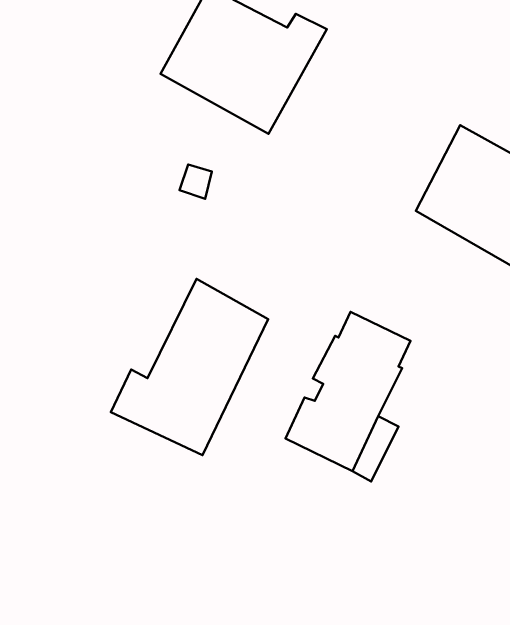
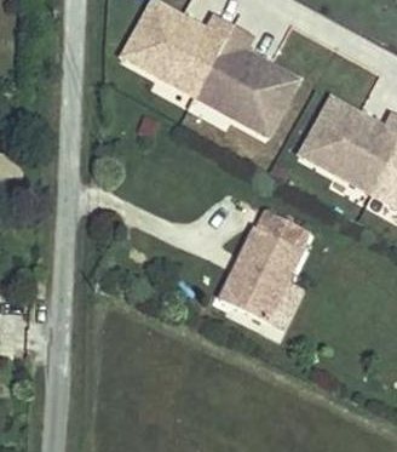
building: none -> [196,24,304,139]
building: [111,279,268,455] -> none

